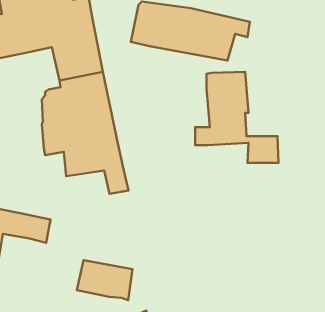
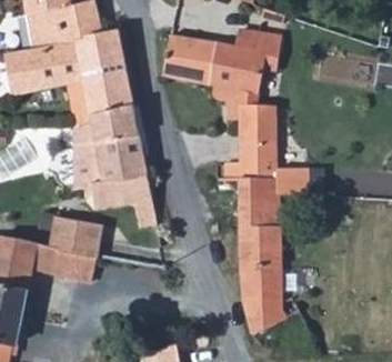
building: none -> [237,175,287,334]
building: [77,260,133,300] -> [48,215,103,255]

